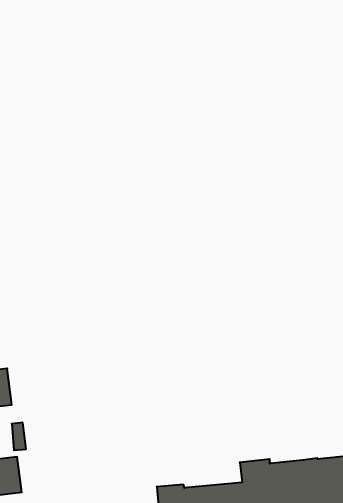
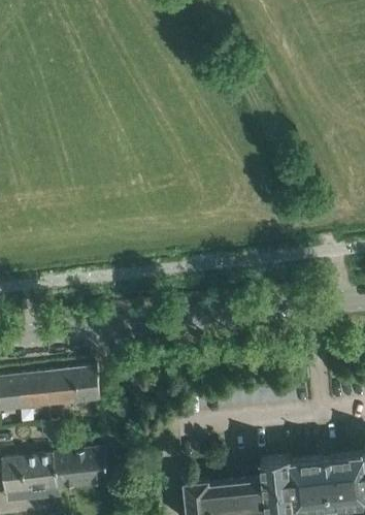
building: none -> [44,367,100,407]
building: none -> [54,450,109,488]

